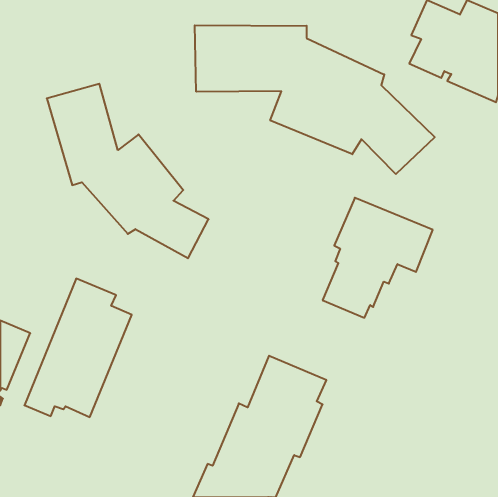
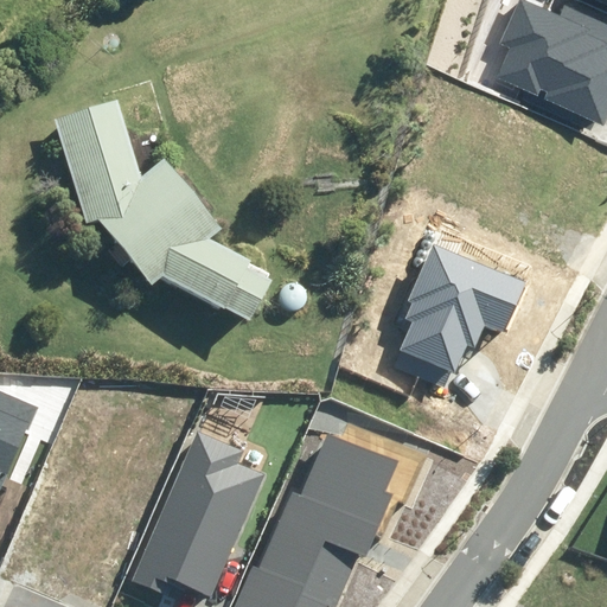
building: [195,25,435,174] -> none
building: [24,279,132,417] -> [133,429,263,598]

